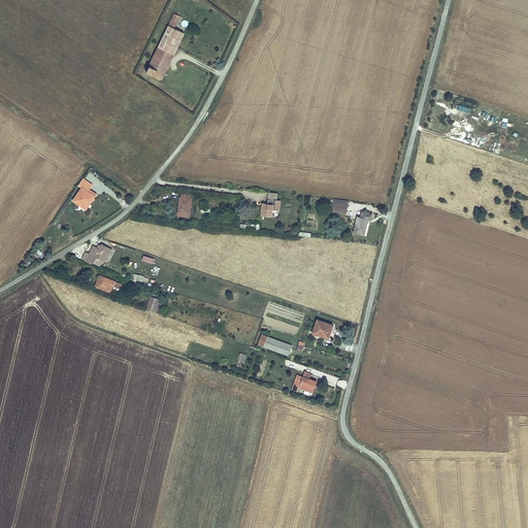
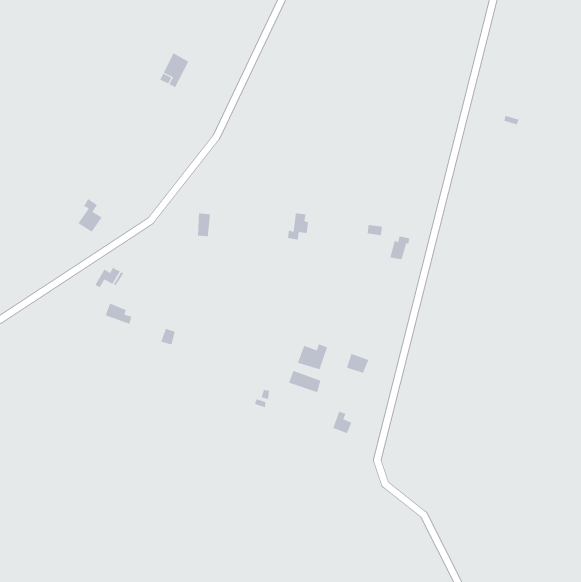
building: [157,14,183,56] -> none
building: none -> [297,344,328,370]

